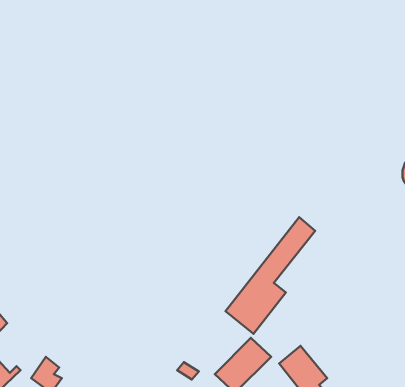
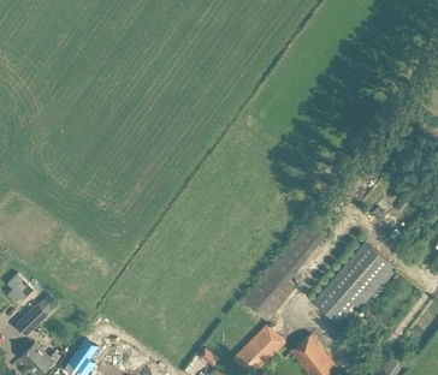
building: none -> [308,243,397,328]

